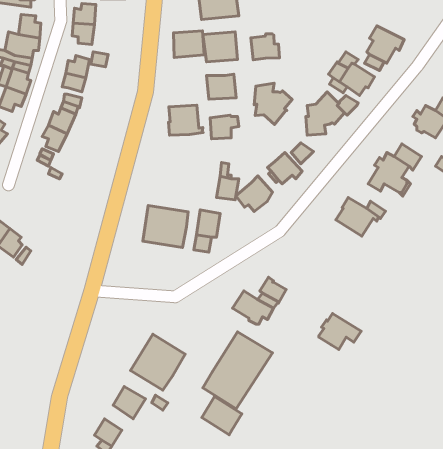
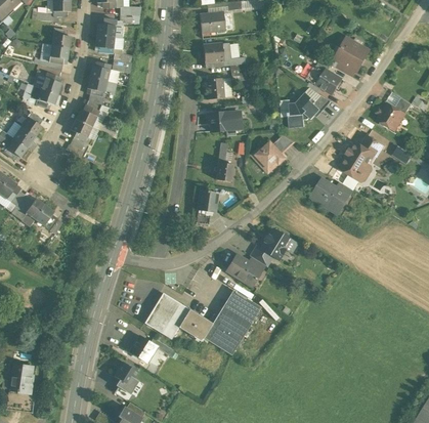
building: [173,31,204,57] -> none
building: [251,34,279,60] -> none
building: [254,83,292,124] -> none
building: [169,105,203,135] -> none
building: [236,176,272,212] -> none
building: [143,206,188,247] -> none
building: [319,314,361,350] -> [262,229,297,259]
building: [202,396,242,435] -> [179,308,212,340]

